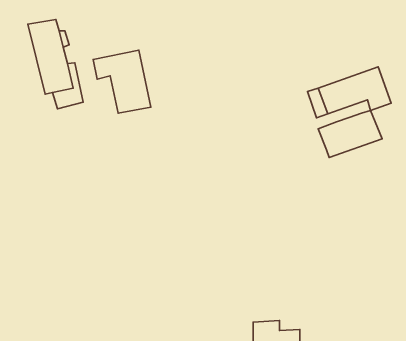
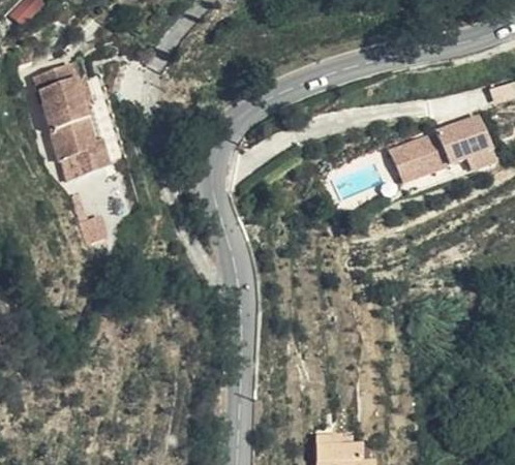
building: [93,50,151,113] -> none
building: [318,110,382,158] -> none

